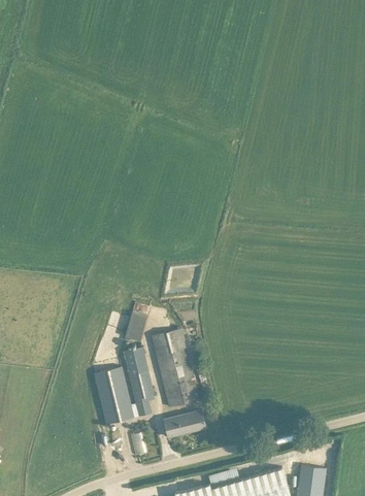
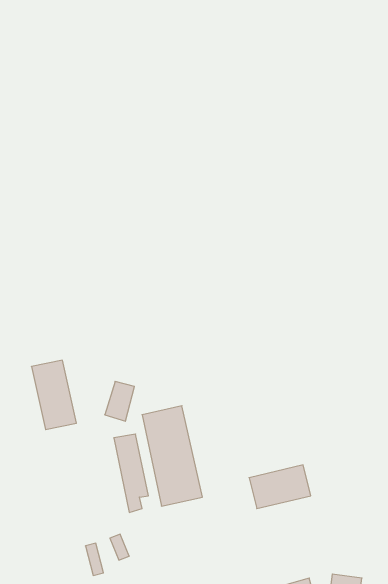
building: [94,373,130,429] -> [31,360,76,430]
building: [159,408,208,443] -> [249,465,311,509]

